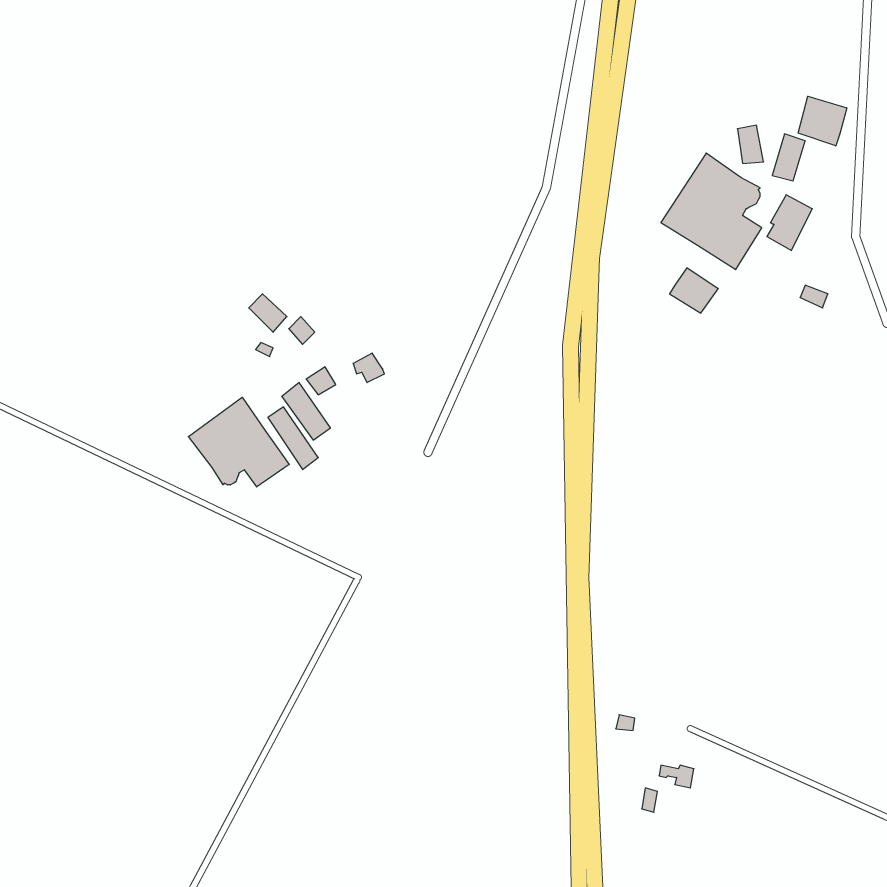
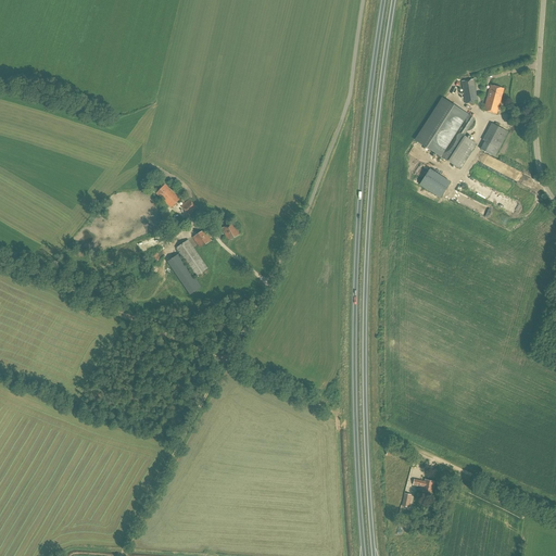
building: [798,96,847,146] -> none
building: [188,397,289,487] -> none

